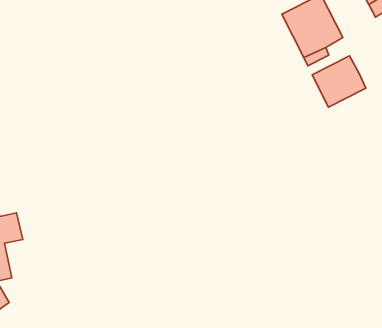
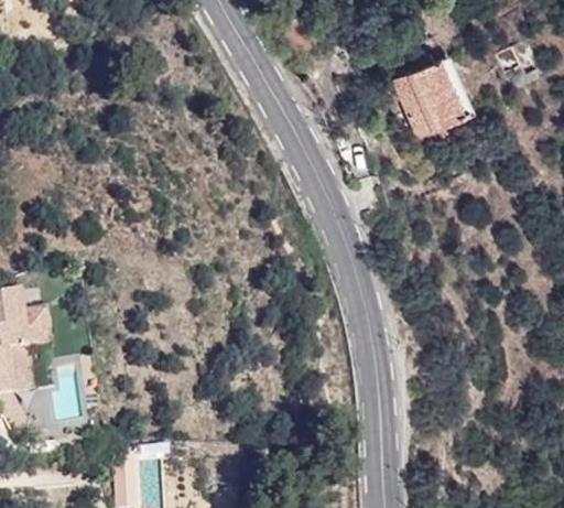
building: [312,56,366,107] -> none

